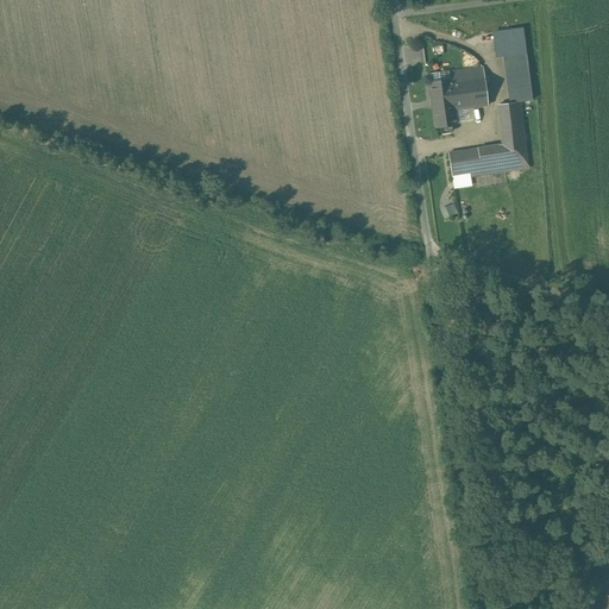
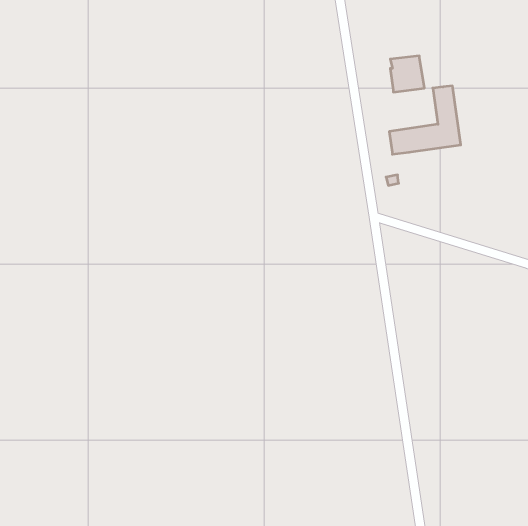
building: [491,33,532,100] -> none
building: [428,77,454,124] -> none

